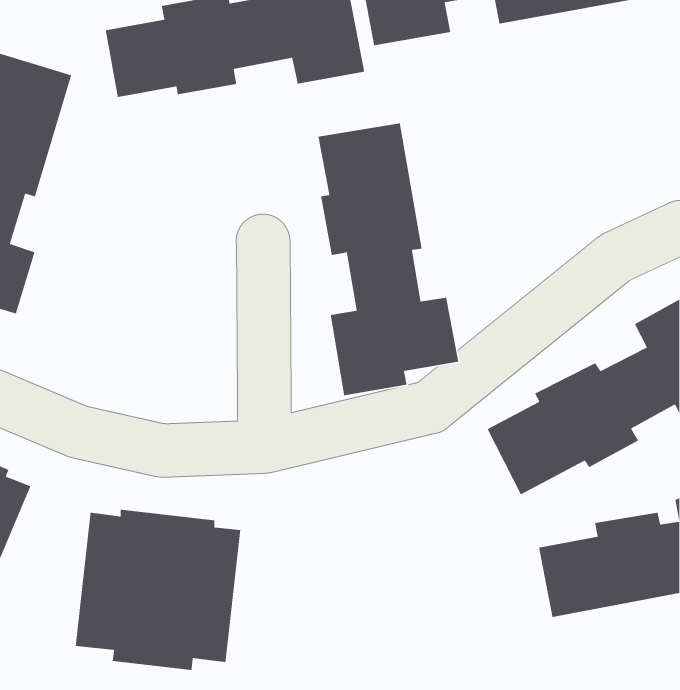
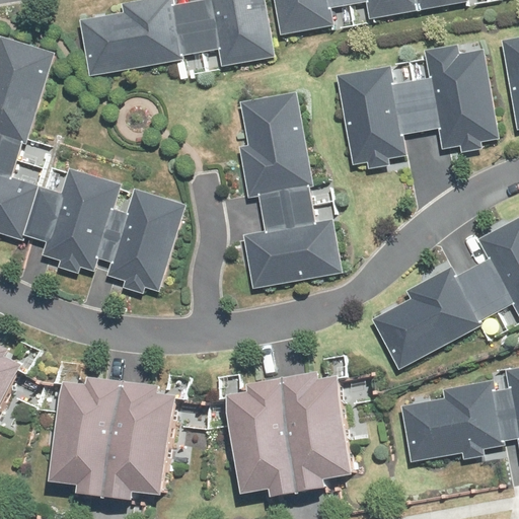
building: none -> [335,45,498,169]
building: none -> [25,168,183,292]
building: none -> [231,372,361,496]

